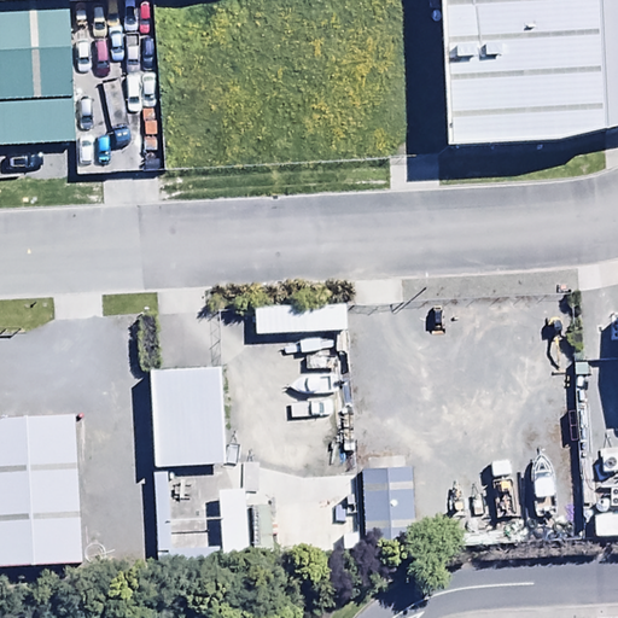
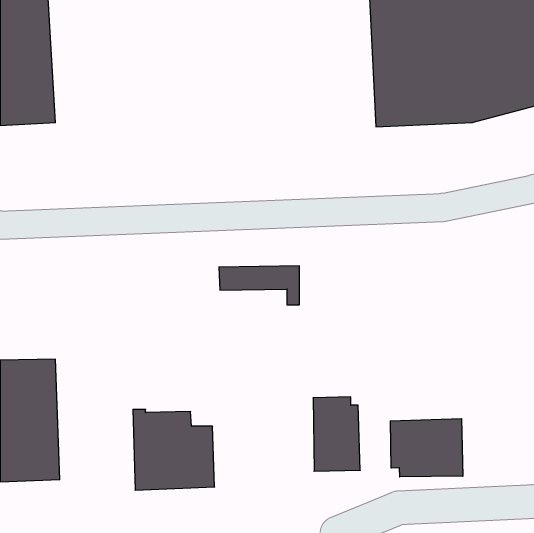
building: [154,361,233,464] -> none
building: none -> [390,419,463,477]

